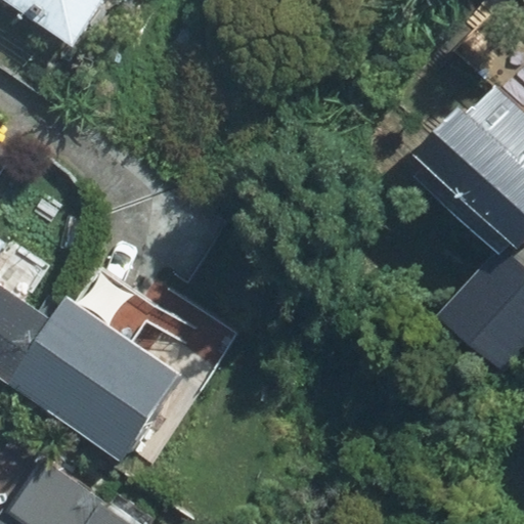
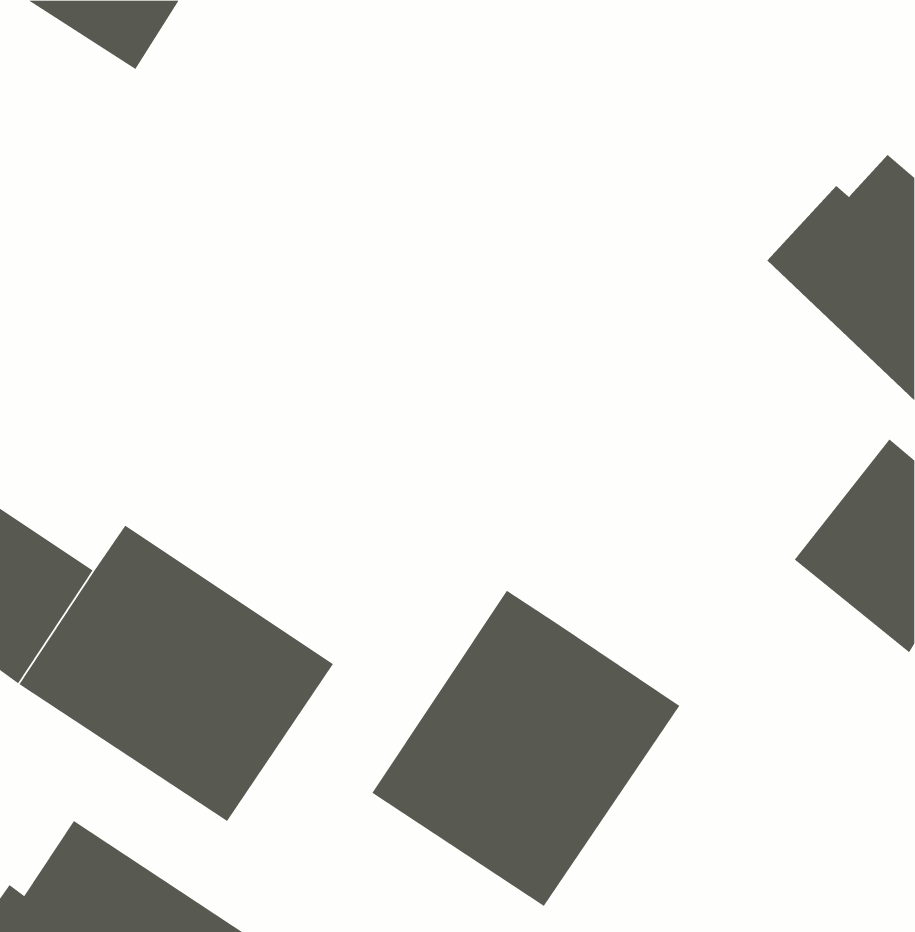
building: none -> [372,590,680,907]

